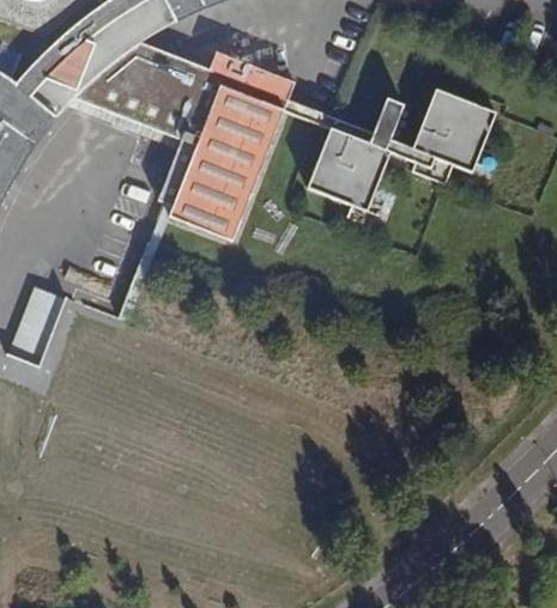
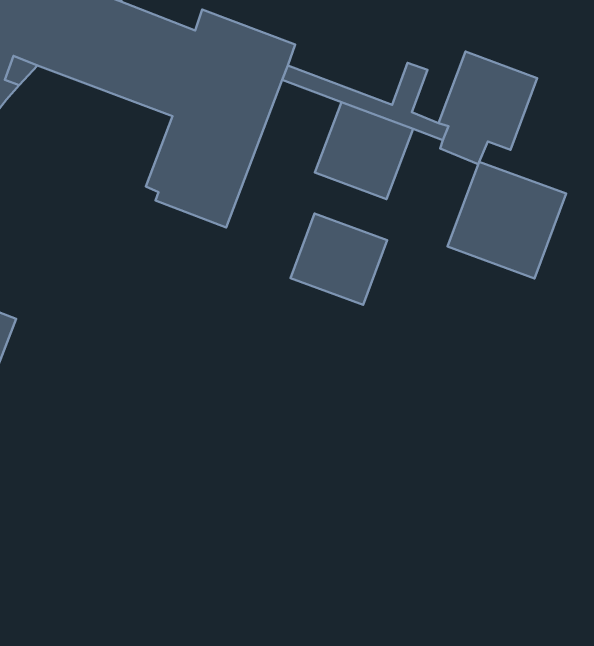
building: none -> [447,162,566,278]
building: none -> [290,214,387,305]

